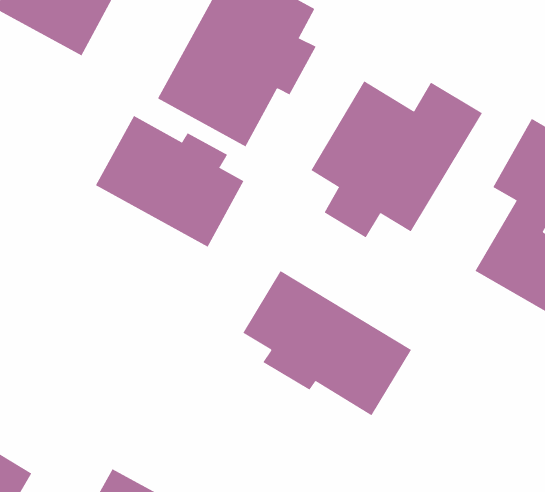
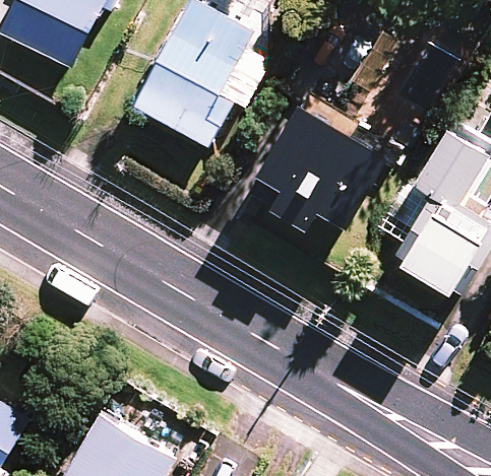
building: [95,115,244,247] -> none
building: [243,270,412,416] -> none

